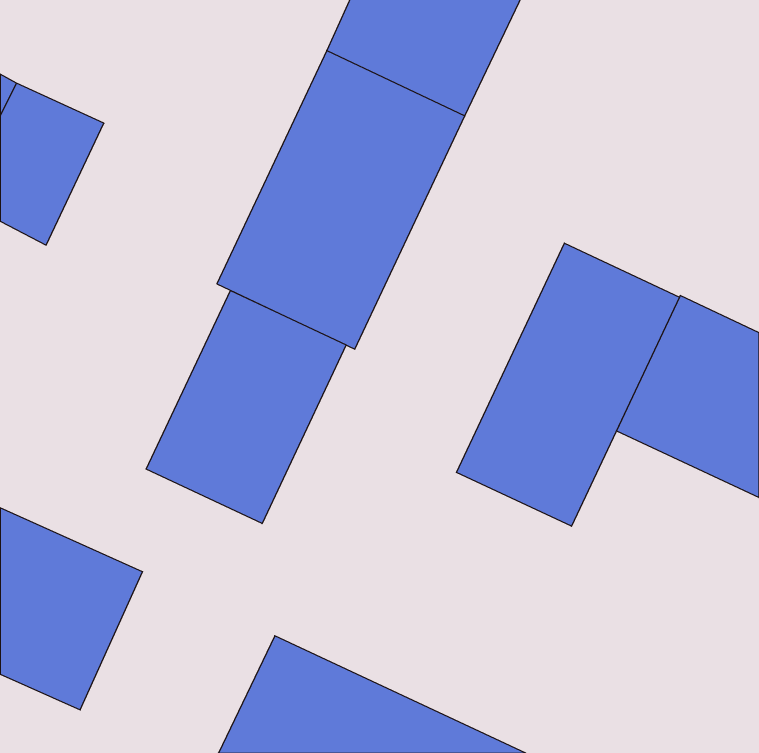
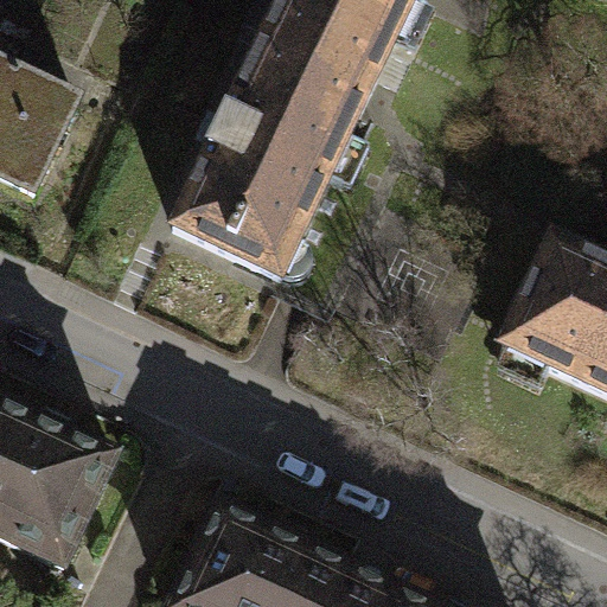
building: [456,243,679,526] -> none
building: [146,290,346,524] -> none

